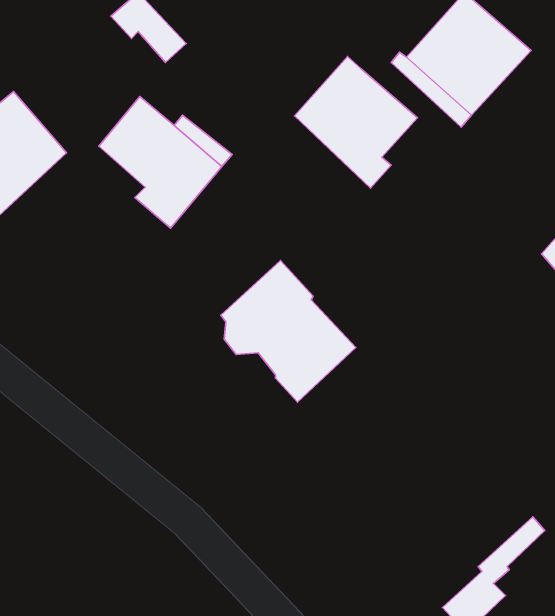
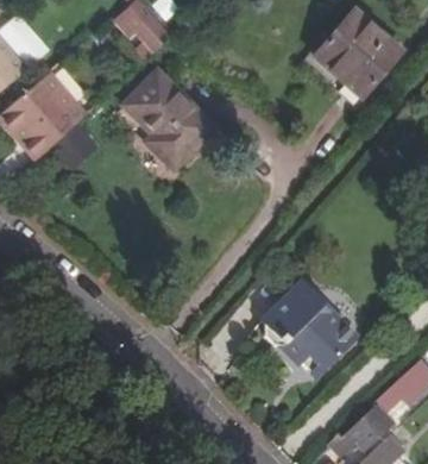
building: [295,57,418,188] -> none
building: [221,260,356,402] -> [263,280,357,378]

